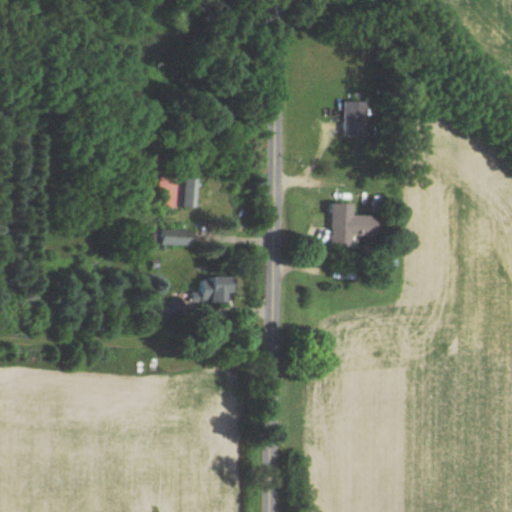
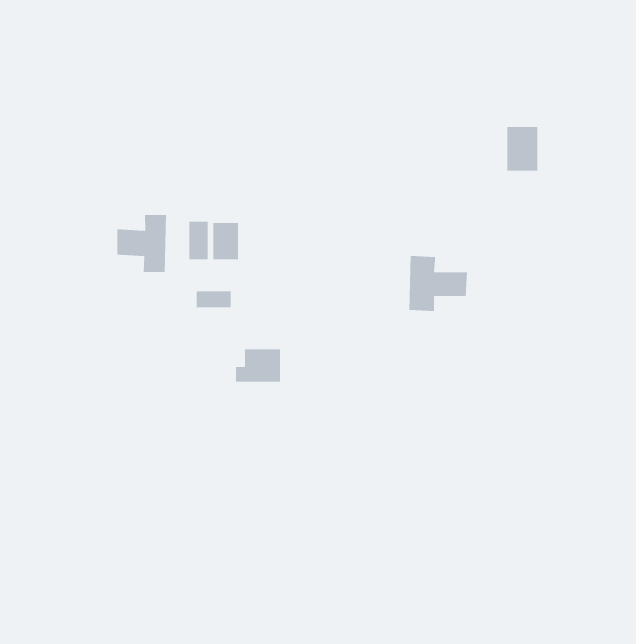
building: [347,101,372,137] -> [507,126,538,172]
building: none -> [117,214,167,273]

